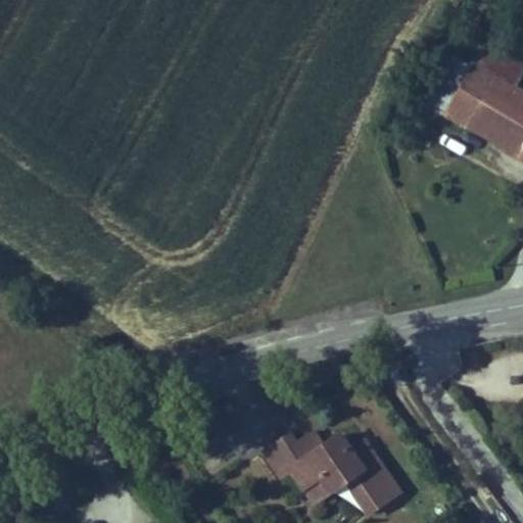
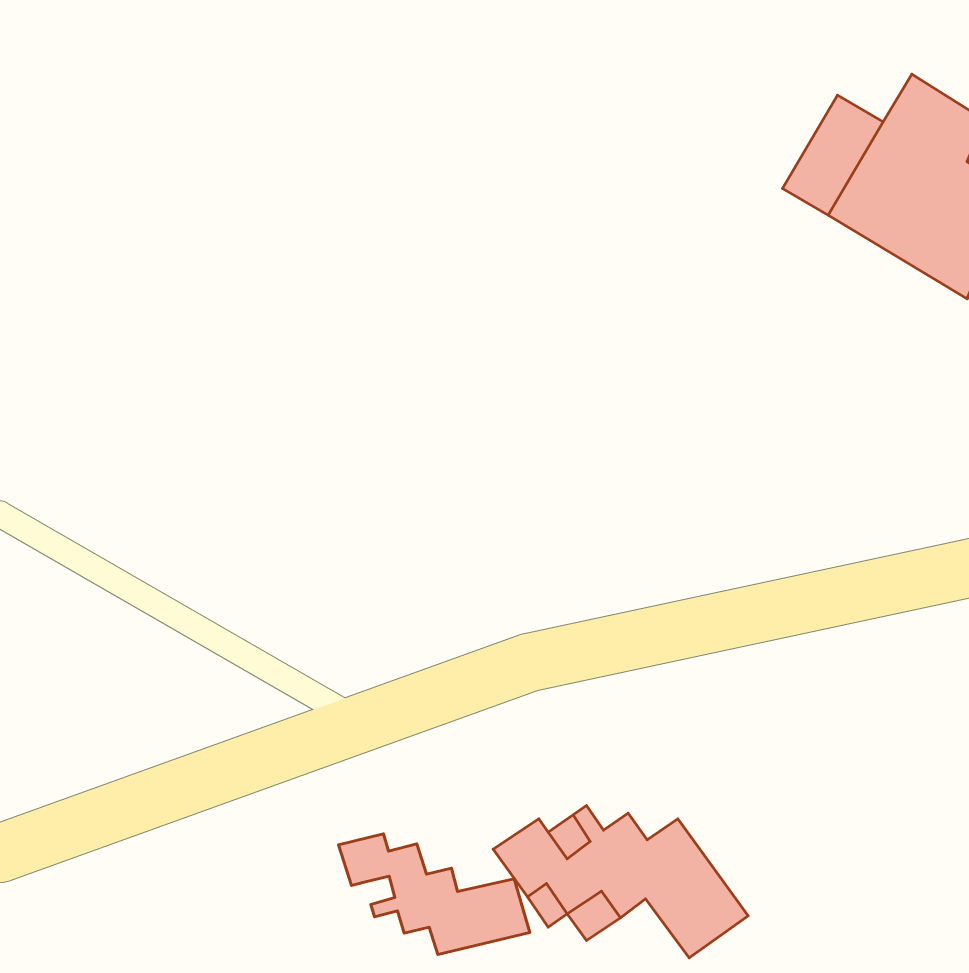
building: none -> [338,834,530,955]

